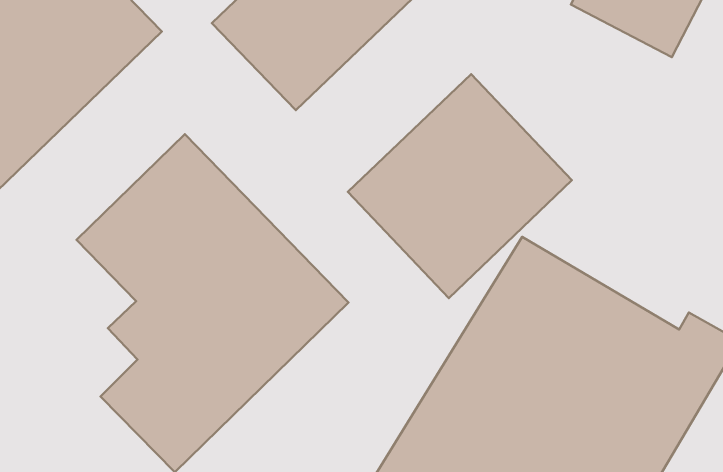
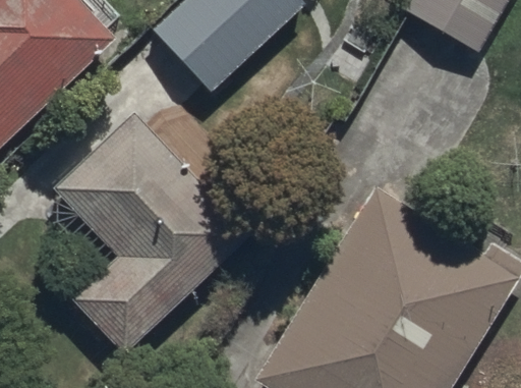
building: [348,74,572,298] -> none

